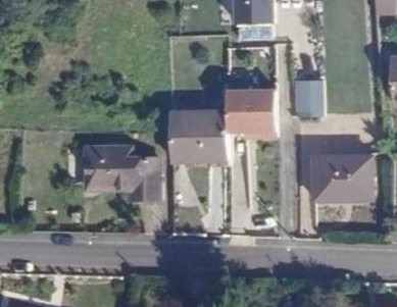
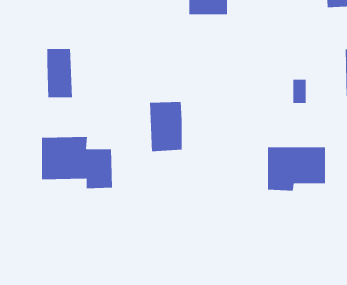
building: [292,81,321,113] -> none
building: [226,89,275,136] -> none
building: [168,111,195,161] -> [47,48,73,98]

